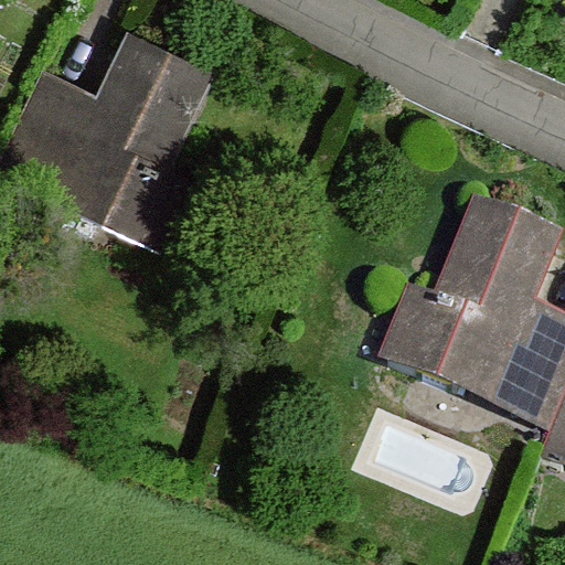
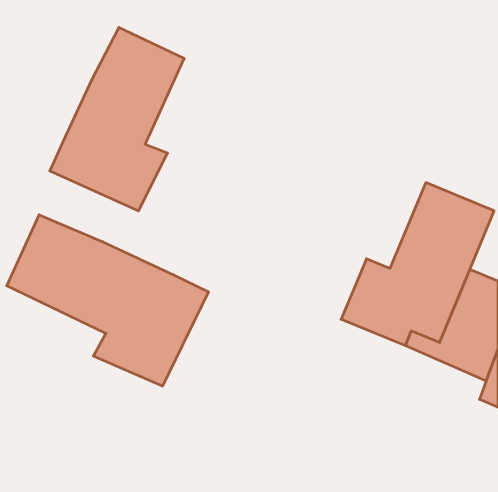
building: [14,64,104,159] -> none
building: none -> [7,215,208,386]

